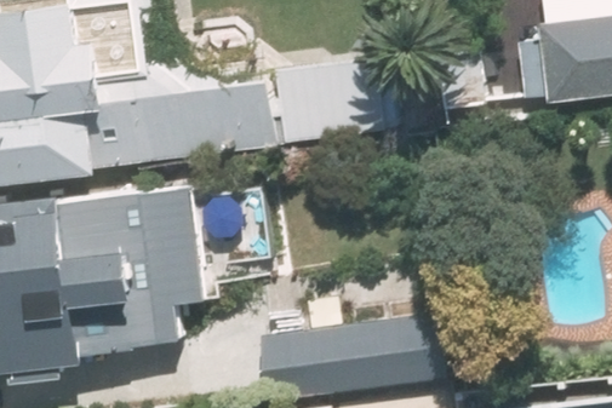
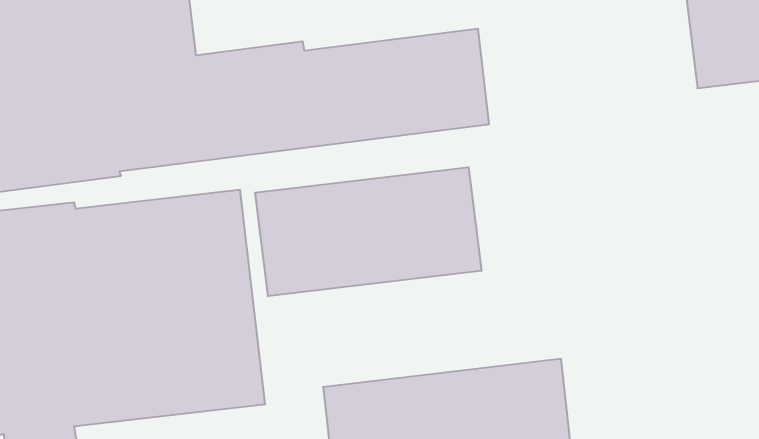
building: none -> [255,167,481,296]

